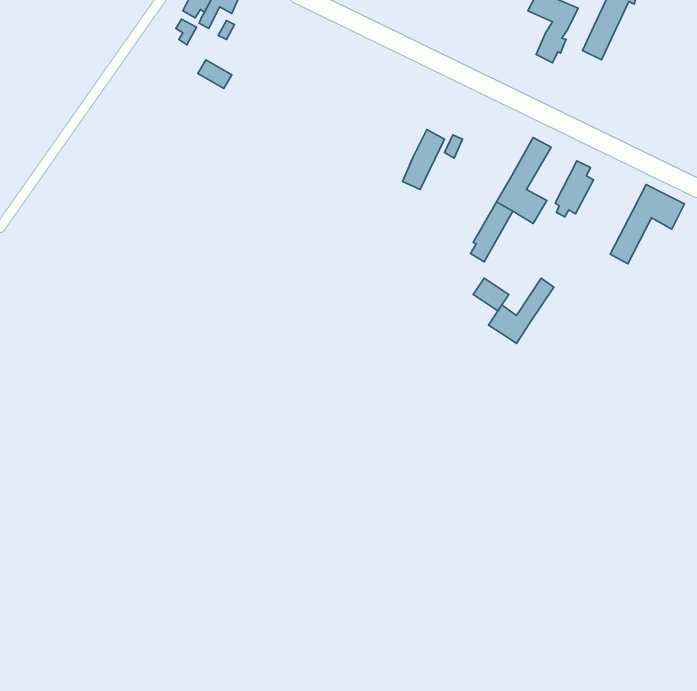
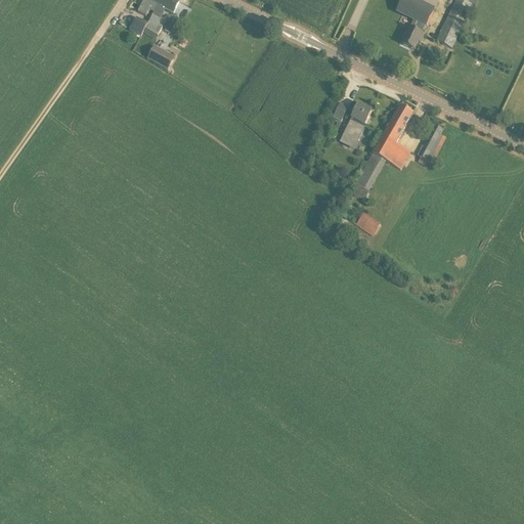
building: [402,130,445,190] -> [340,101,372,146]
building: [610,185,685,264] -> none
building: [488,278,554,343] -> none

